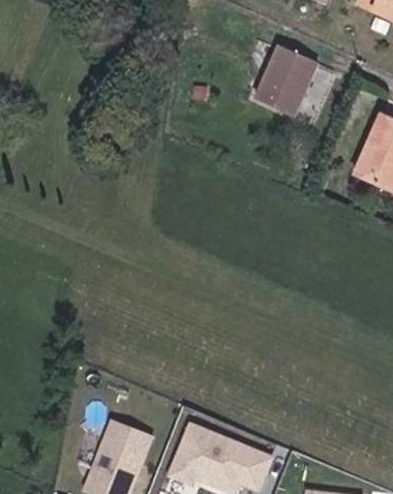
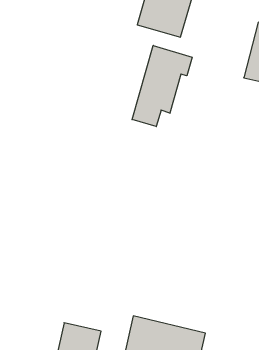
building: none -> [132,45,192,127]

